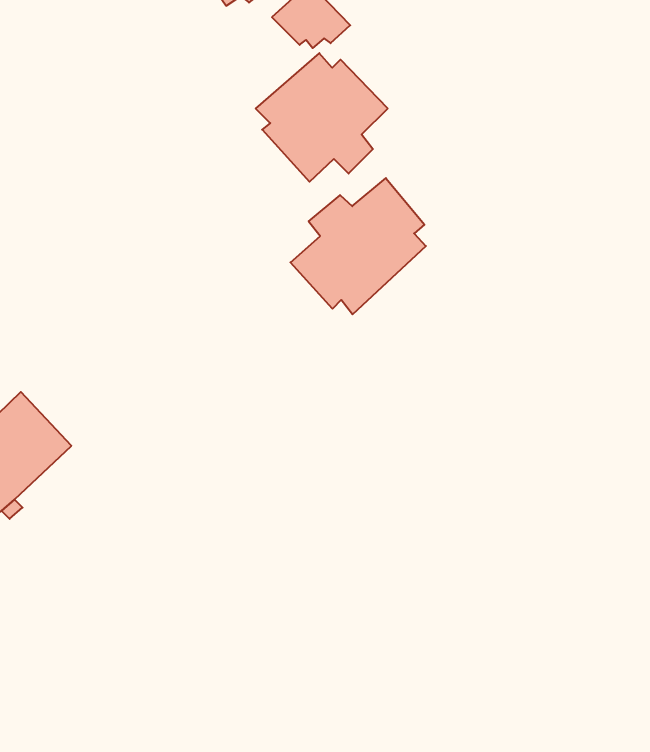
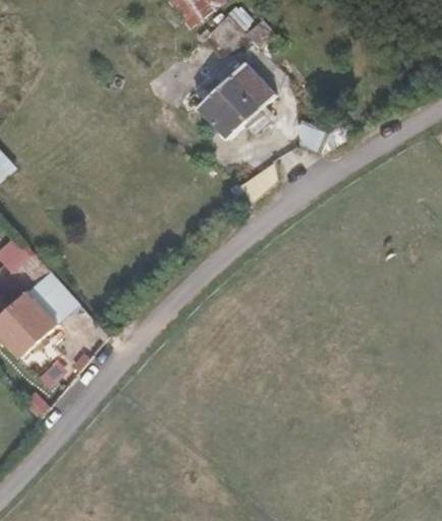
building: [290,178,426,314] -> none

